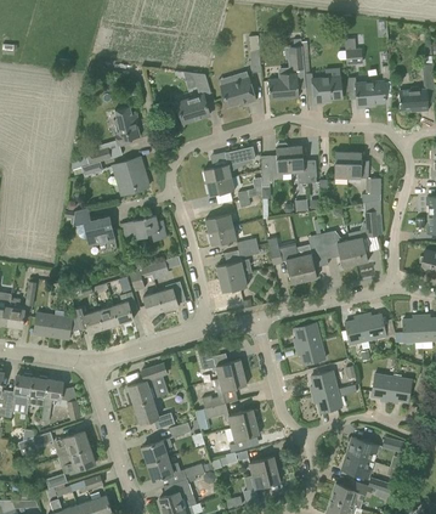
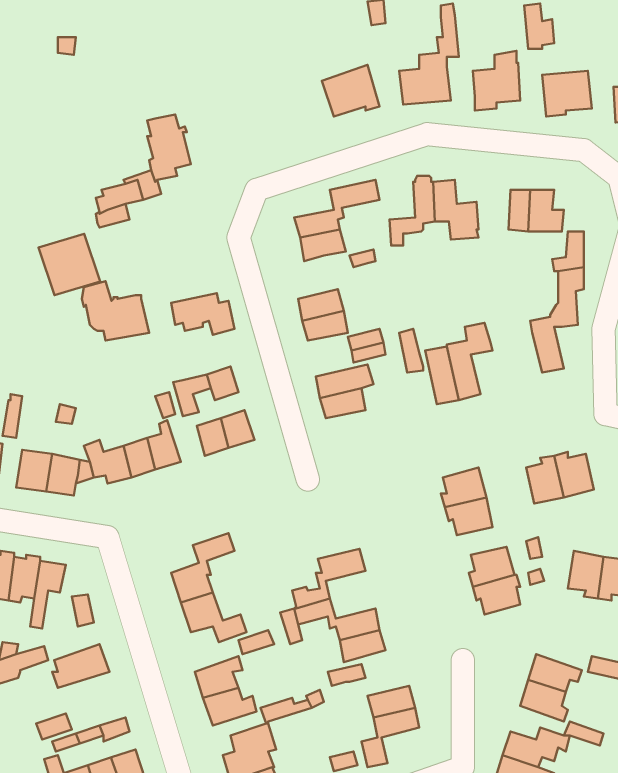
building: [176,72,210,123] -> none
building: [112,157,149,194] -> [39,234,100,295]
building: [319,230,355,267] -> none
building: [199,351,243,378] -> none
building: [58,447,95,473] -> none

